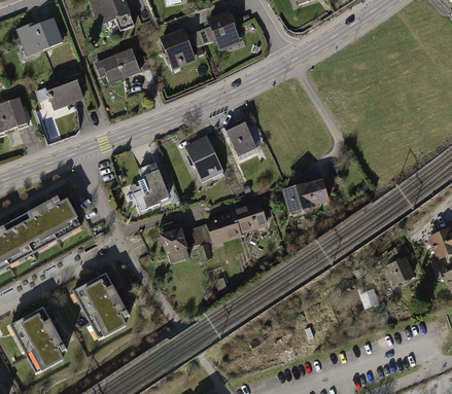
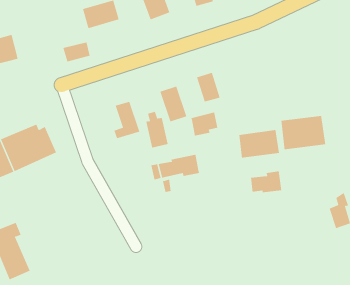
building: [47,83,79,108] -> [63,42,91,62]
building: none -> [281,115,326,150]
building: [234,202,266,230] -> [190,112,218,136]
building: [162,221,189,262] -> [145,111,169,148]
building: none -> [250,170,282,193]
building: [77,272,126,336] -> none

